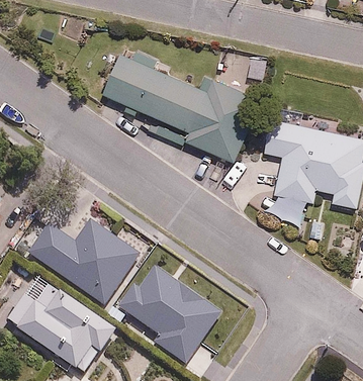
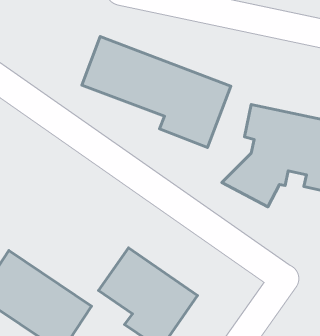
building: [29,217,143,306] -> none

